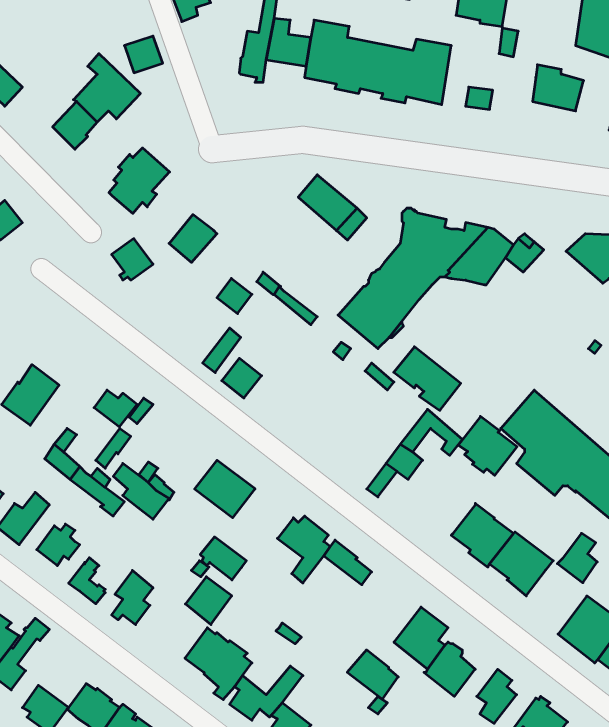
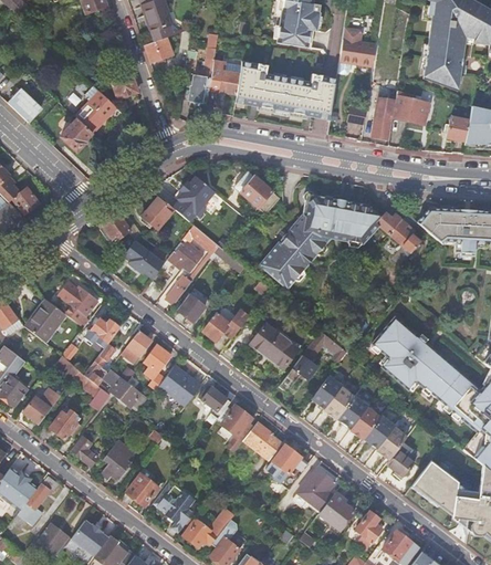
building: none -> [372,98,396,140]
building: [109,148,170,213] -> [173,176,215,221]
building: none -> [387,220,419,254]
building: none -> [123,241,164,279]
building: none -> [59,281,98,325]
building: [394,347,461,410] -> [251,324,297,368]
building: none -> [200,313,248,350]
building: none -> [121,331,152,362]
building: [458,416,517,475] -> [313,376,354,417]
building: none -> [143,345,170,379]
building: [557,533,597,583] -> [386,442,414,477]
building: [200,537,246,580] -> [199,385,231,415]
building: [185,577,232,625] -> [126,473,158,506]
building: [347,650,398,699] -> [272,444,307,479]

